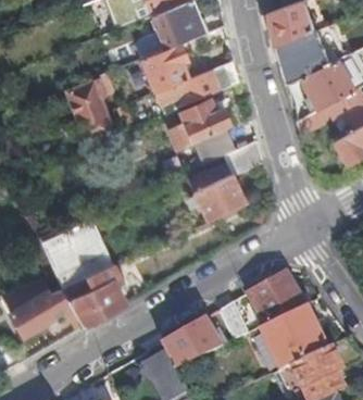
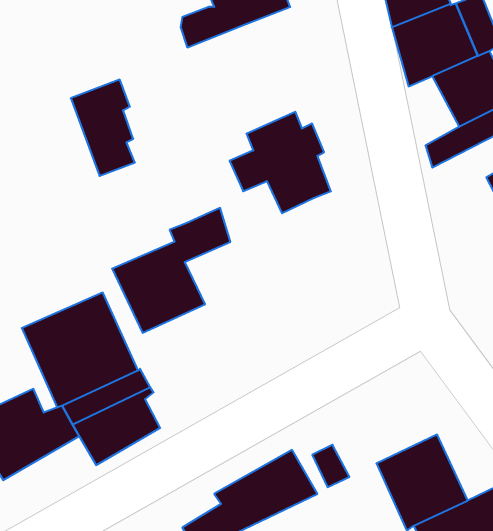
building: [142,43,239,104] -> none
building: [187,141,263,222] -> [112,208,230,333]
building: [241,275,303,326] -> none

